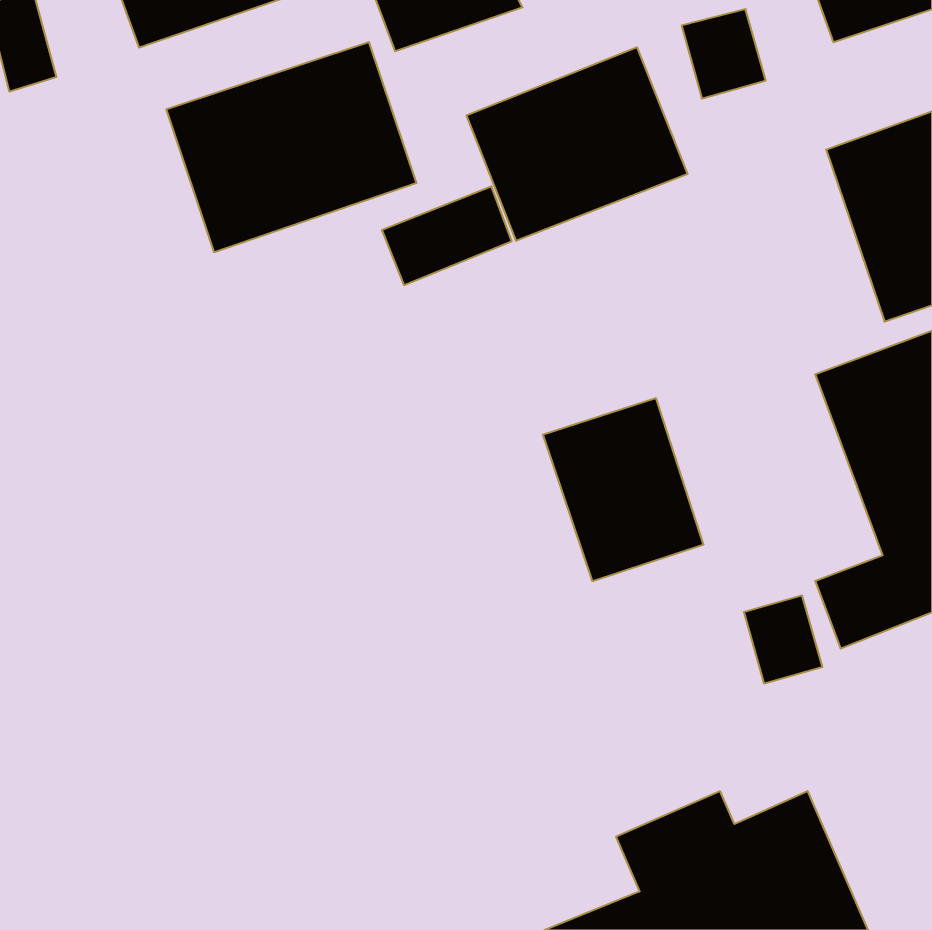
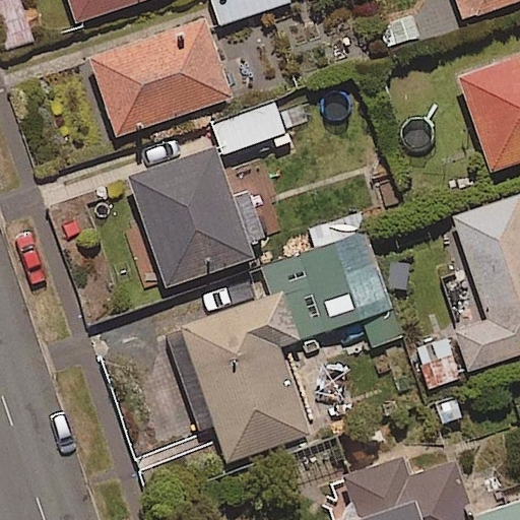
building: [467,47,688,241] -> none
building: none -> [130,153,263,288]
building: none -> [162,280,308,453]

